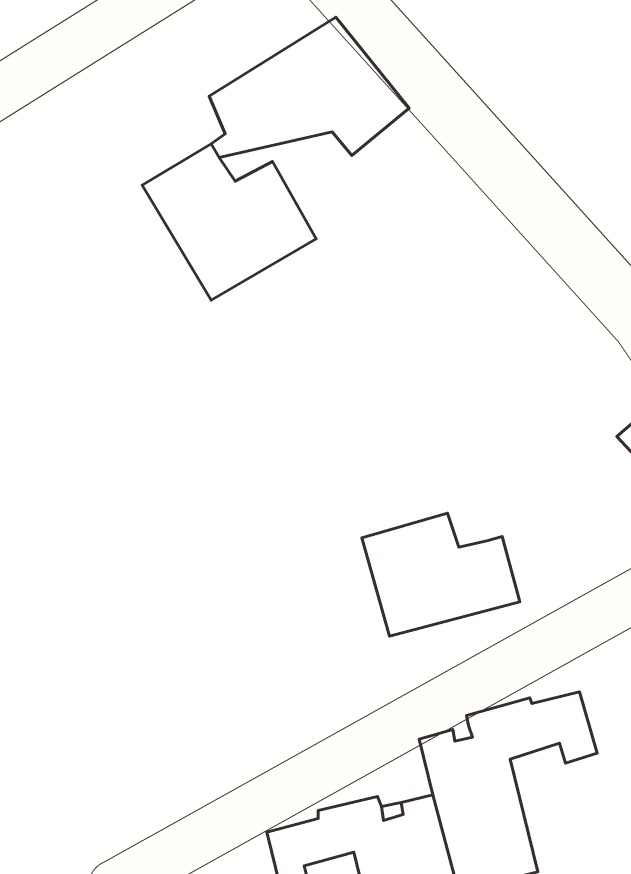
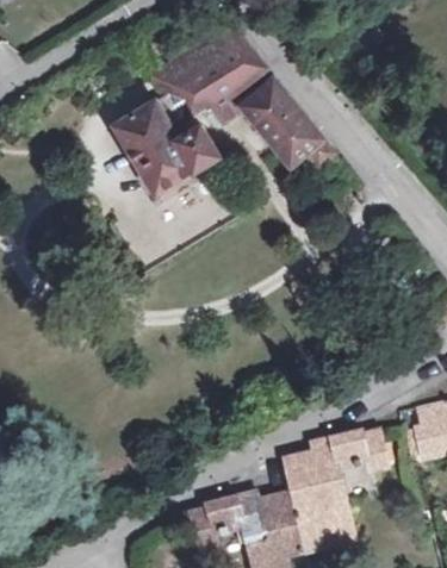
building: none -> [241,80,337,168]
building: [362,513,520,636] -> none

